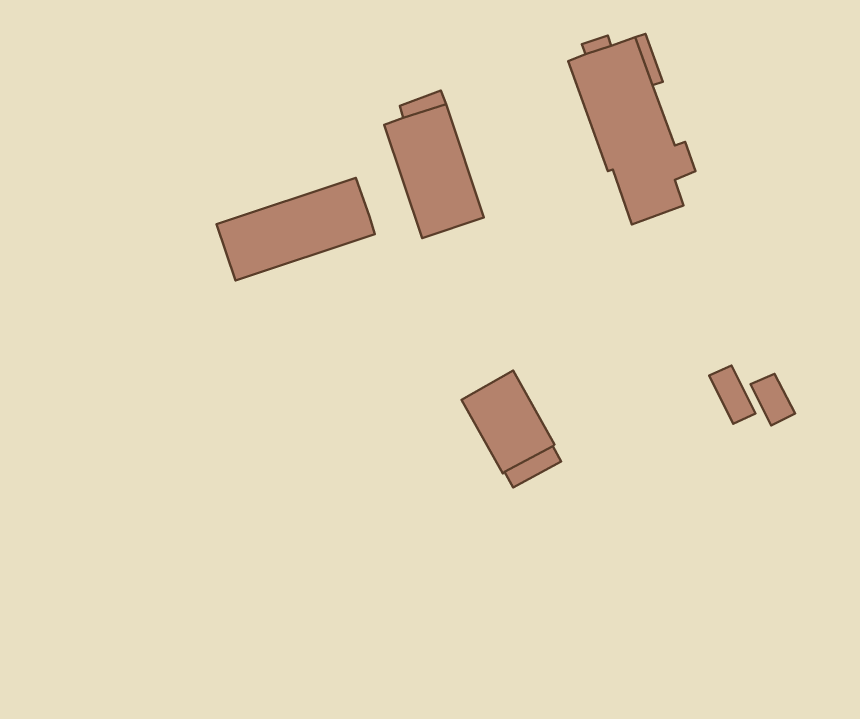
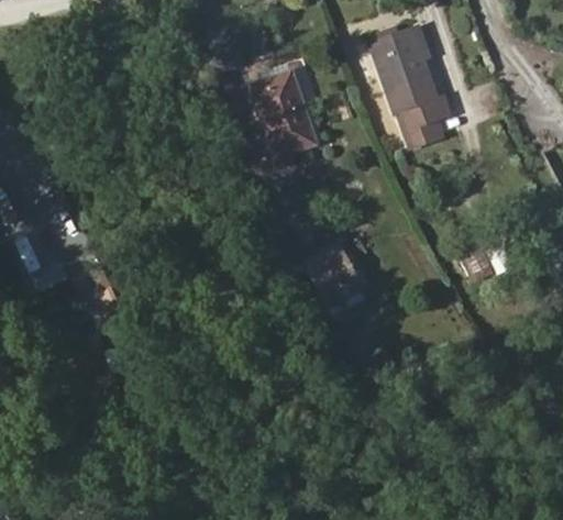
building: [217,178,375,281] -> none

